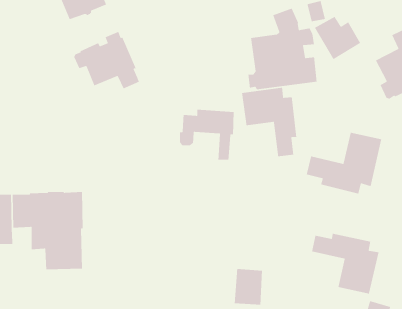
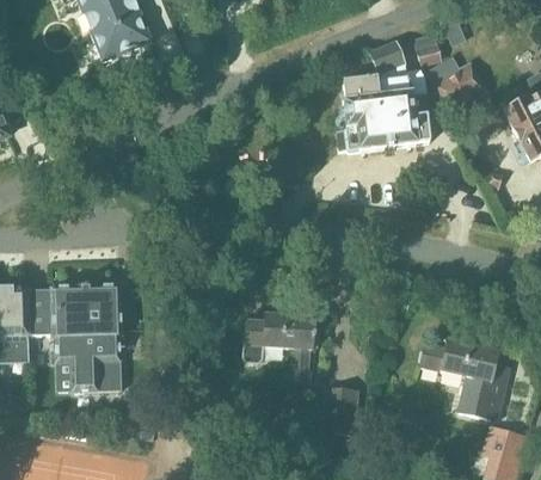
building: [73,31,140,89] -> none
building: [241,87,297,157] -> none
building: [179,109,235,161] -> [241,314,314,382]
building: [306,132,382,194] -> none

